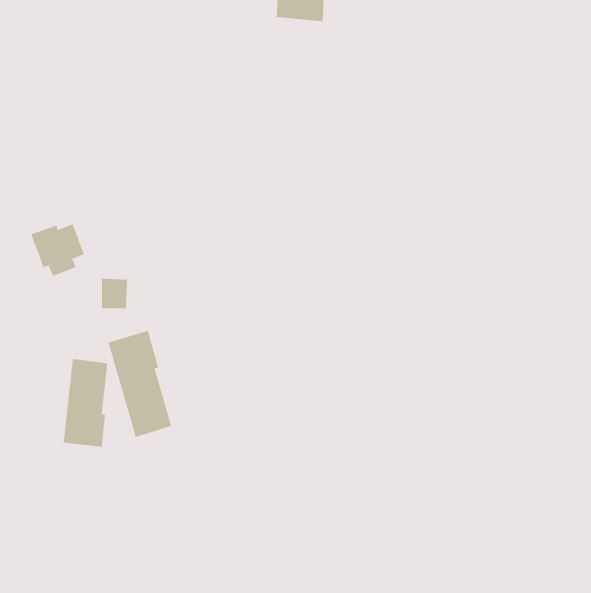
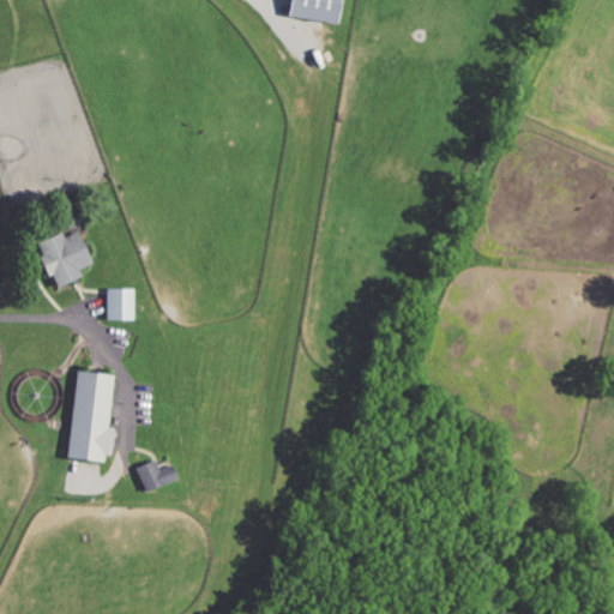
building: [108,330,172,438] -> none
building: none -> [138,459,179,489]

